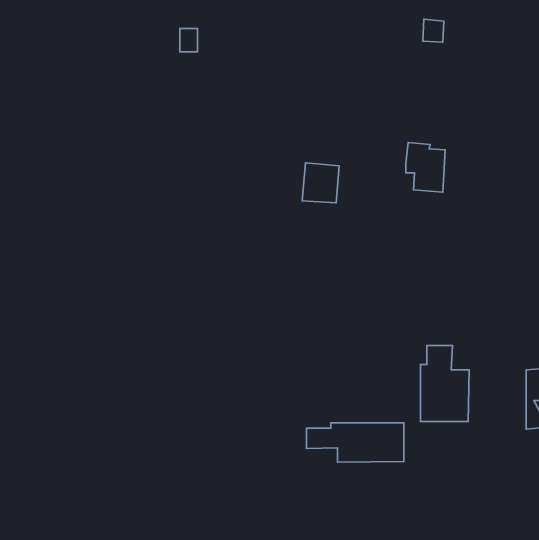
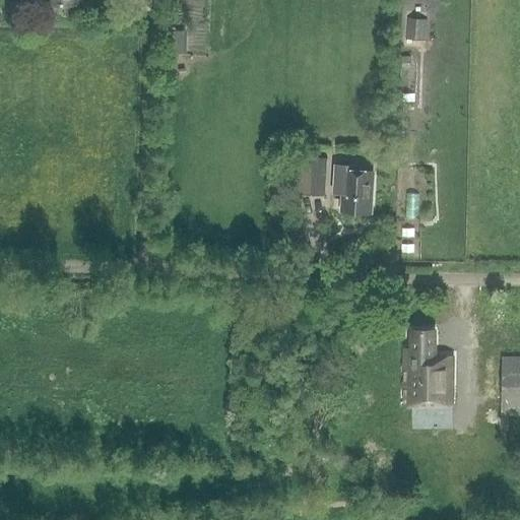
building: [406,142,445,192] -> [336,166,374,213]
building: [307,423,404,462] -> none

